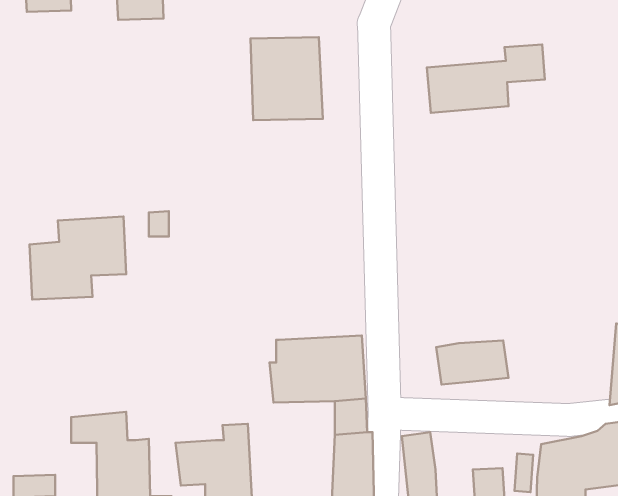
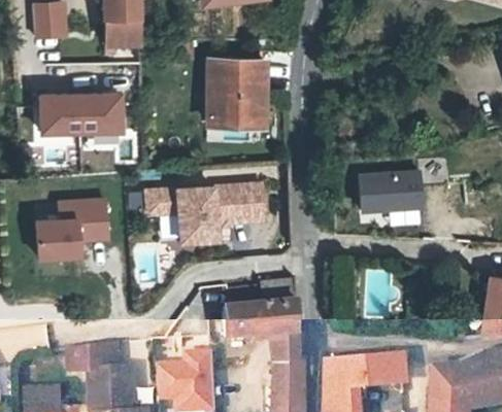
building: [427,45,545,113] -> [358,156,448,208]
building: none -> [41,89,128,132]
building: none -> [147,182,265,240]
building: [436,340,508,385] -> [346,355,402,389]

